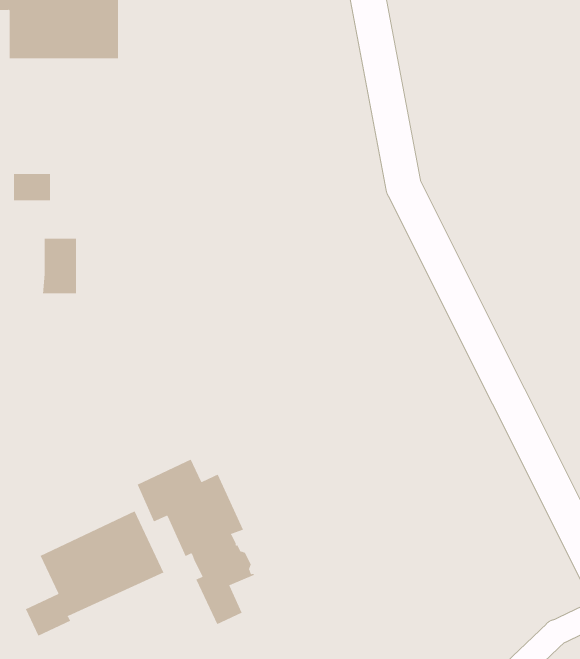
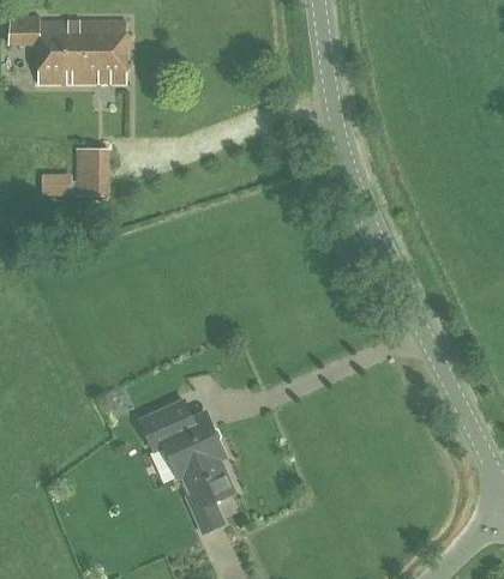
building: [42,238,77,294] -> [79,150,107,194]
building: [25,510,164,637] -> none

